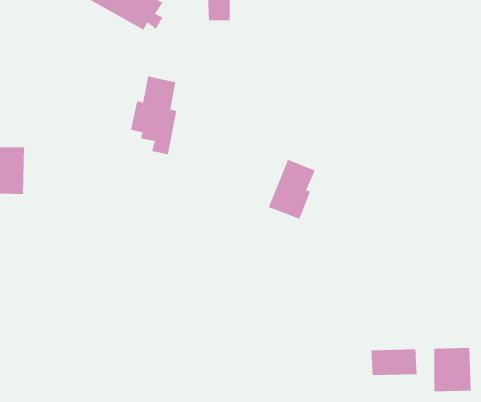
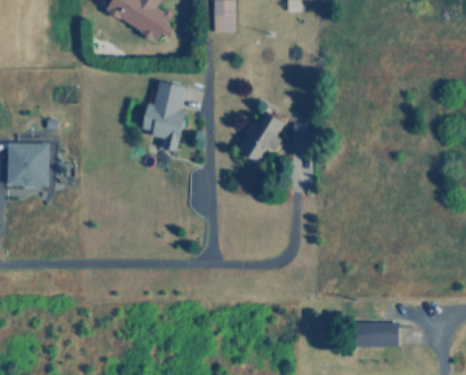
building: [268,159,316,220] -> [242,109,285,163]
building: [433,347,471,392] -> none

